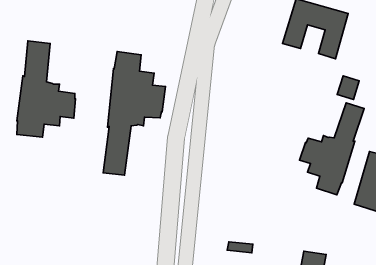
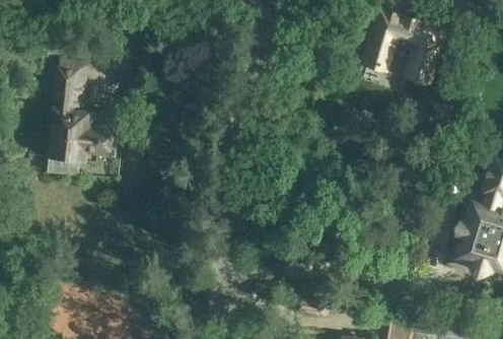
building: [103,51,166,175] -> none
building: [299,103,364,195] -> none

